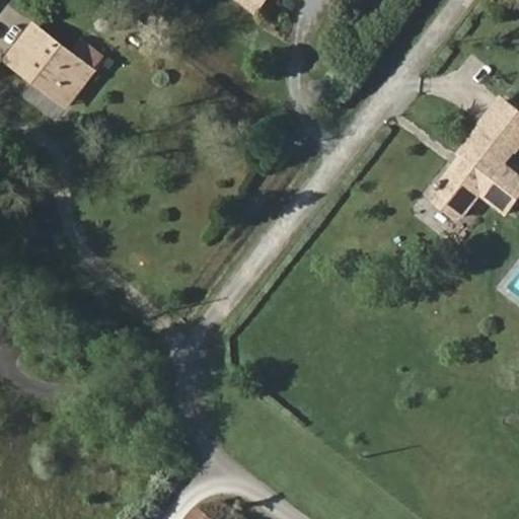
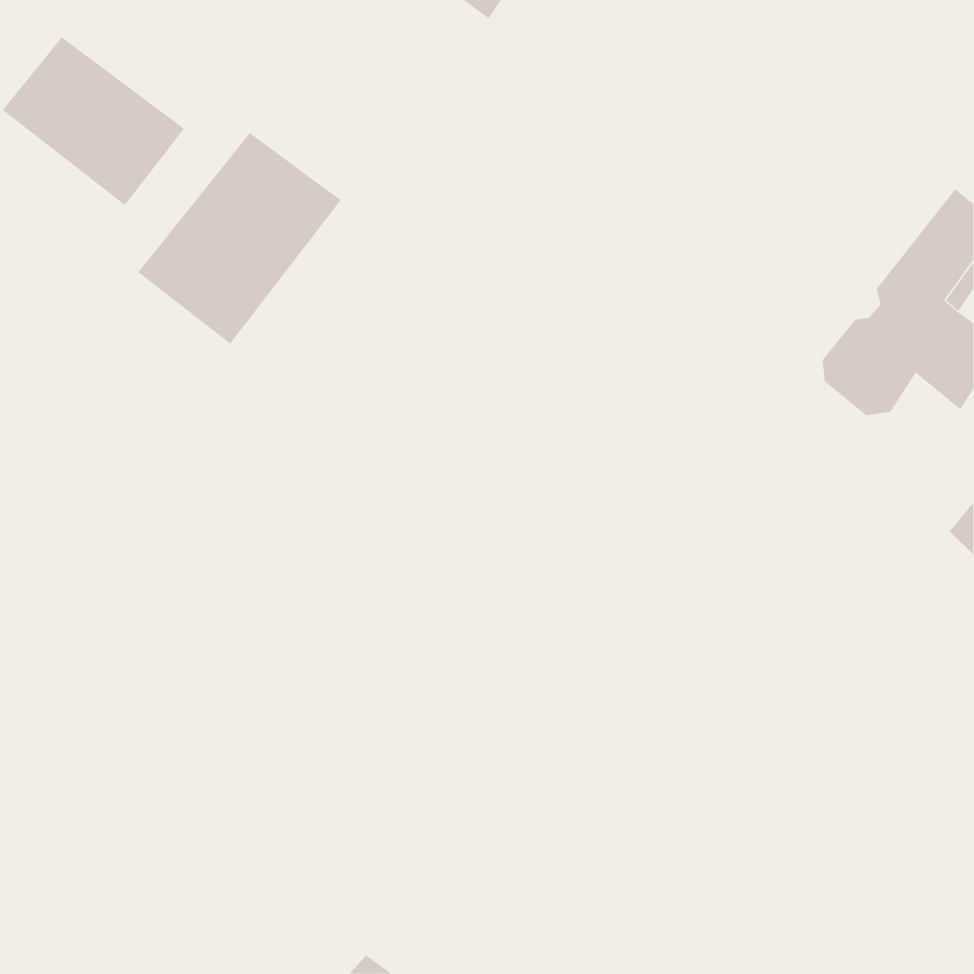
building: none -> [137,132,341,344]

